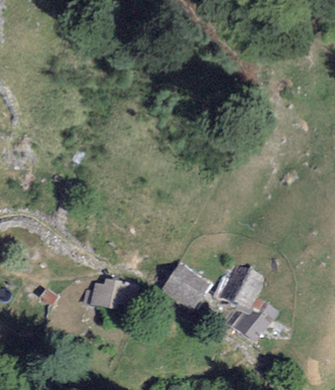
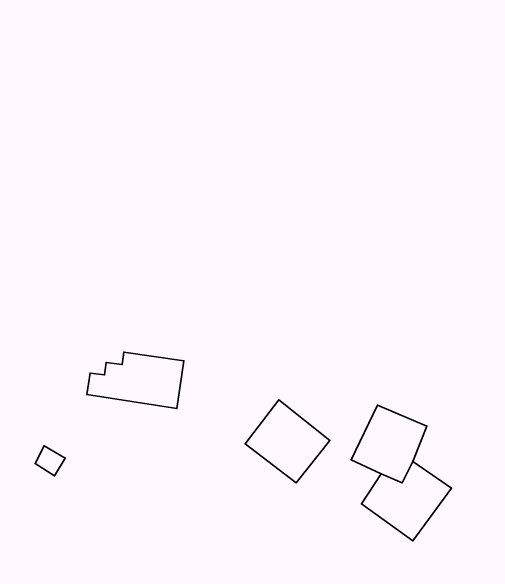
building: [83,278,138,310] -> [87,352,184,408]

